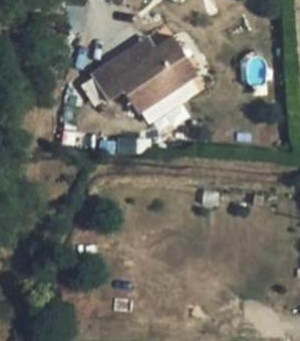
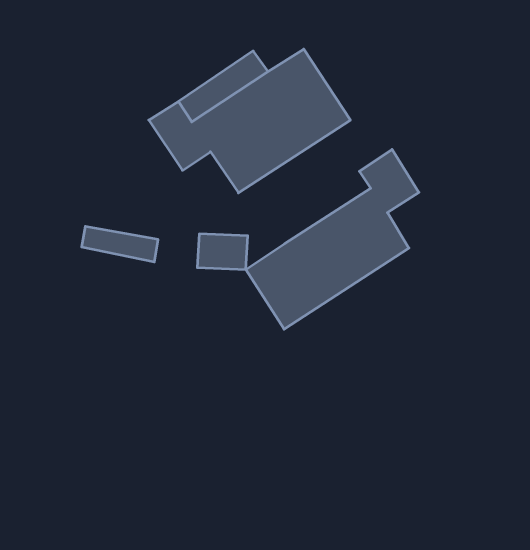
building: none -> [246,149,419,329]

